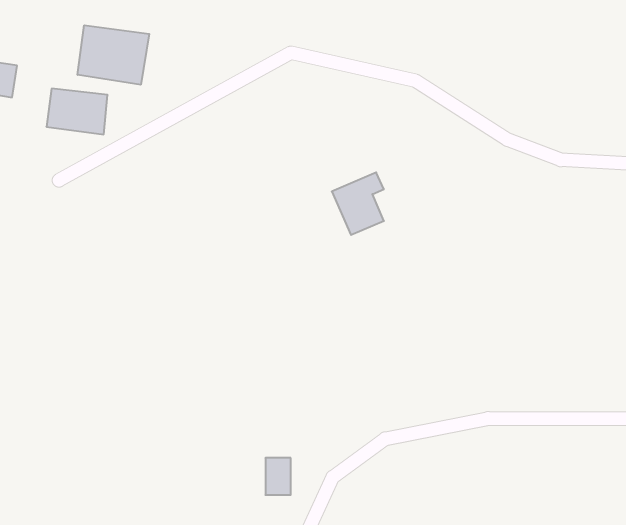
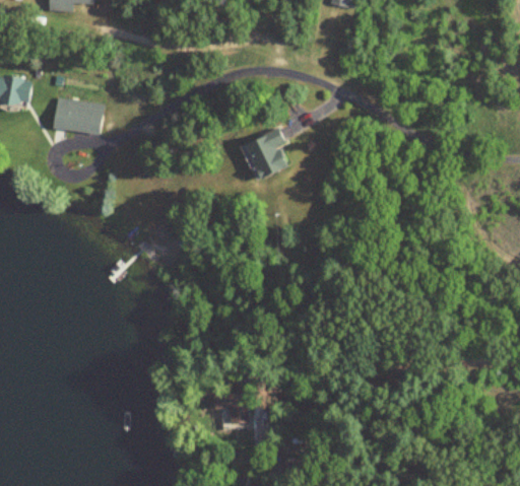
building: [78,25,149,85] -> none
building: [332,172,384,235] -> [243,128,284,178]

